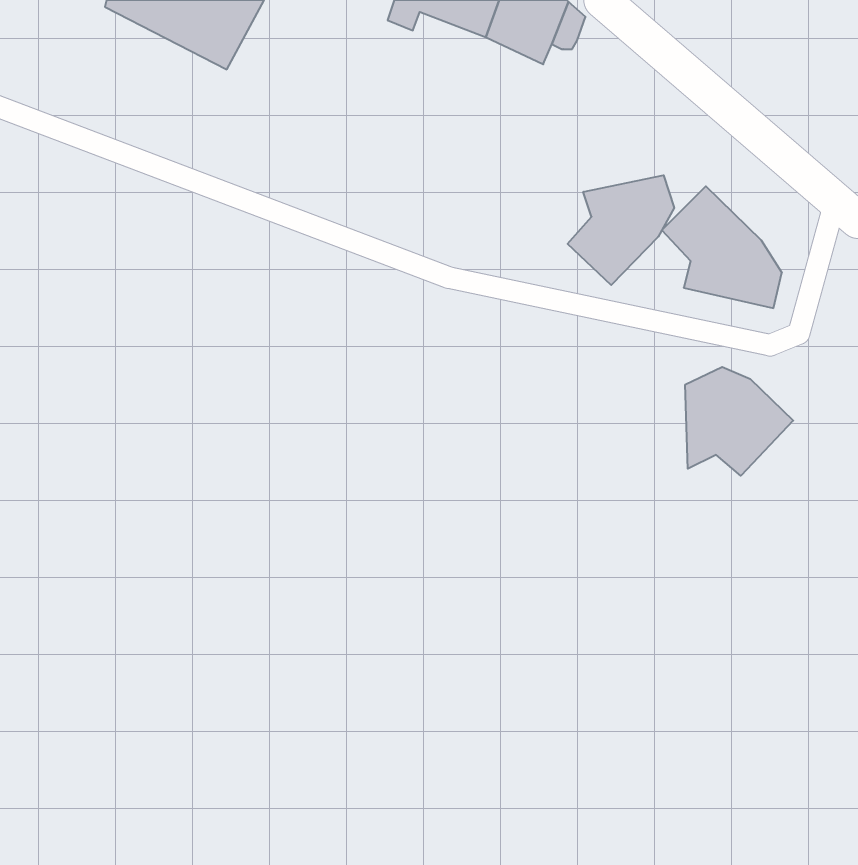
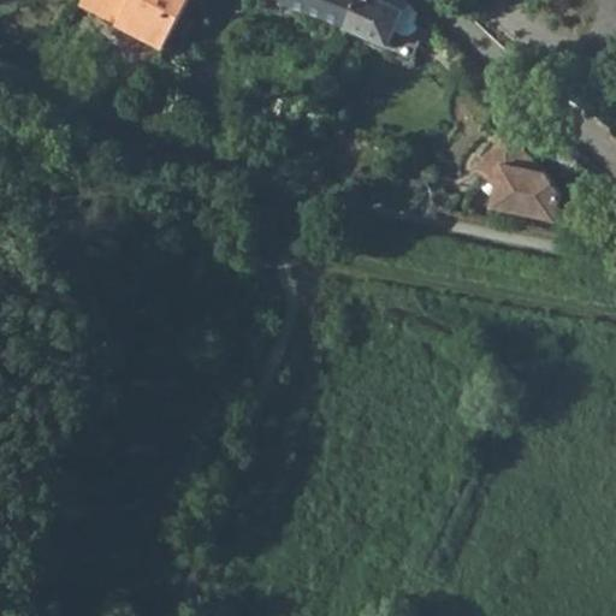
building: [568,175,674,285] -> none
building: [685,367,793,476] -> none

